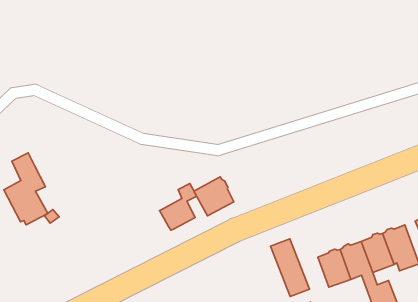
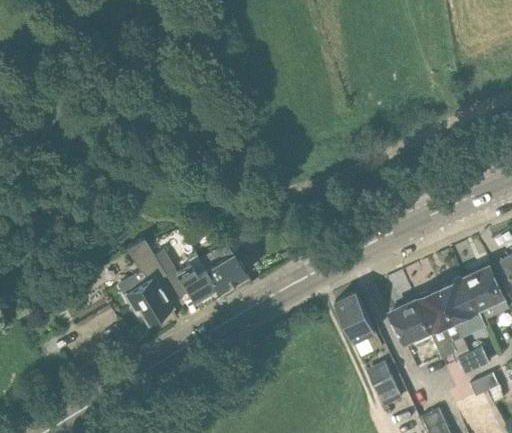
building: [4,153,48,225] -> [119,240,172,324]
building: [194,177,234,216] -> none
building: none -> [176,256,215,302]

